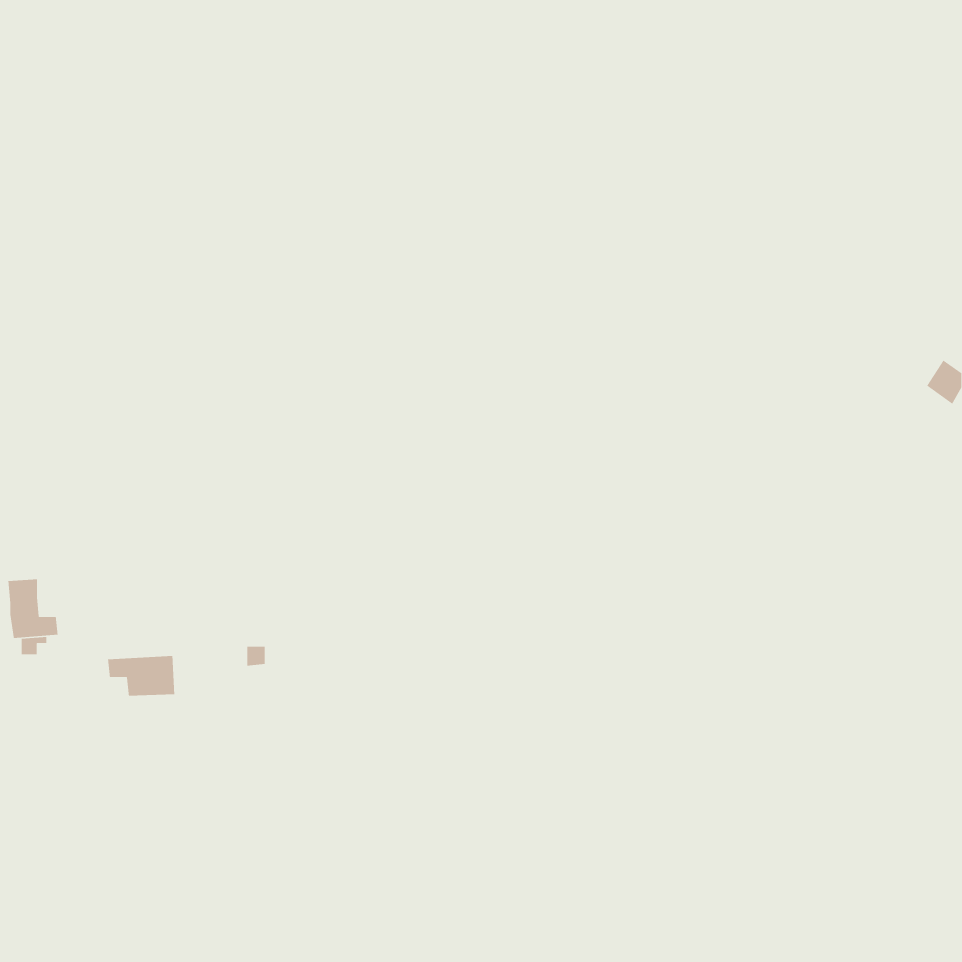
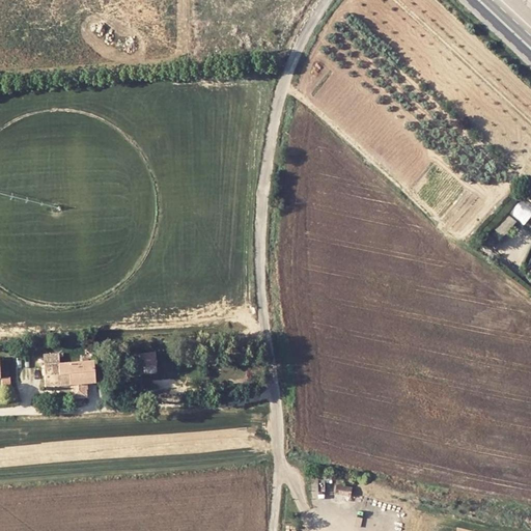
building: [8,579,58,639] -> [43,353,71,386]

